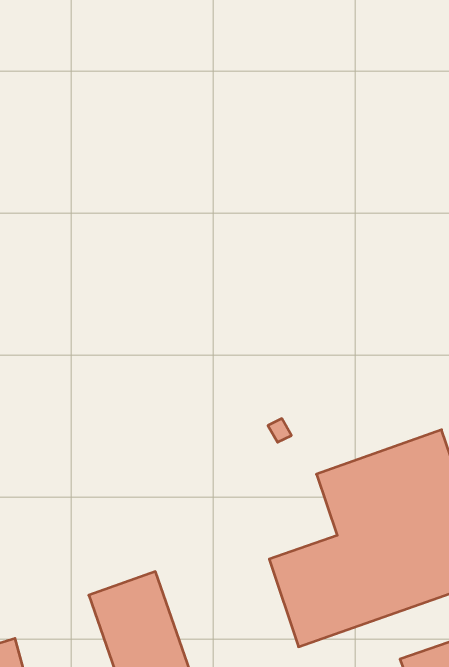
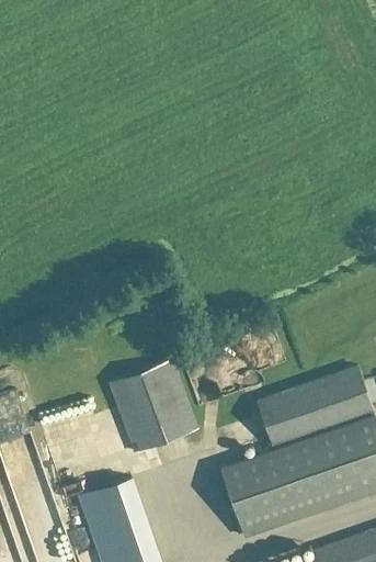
building: none -> [109,360,197,453]

